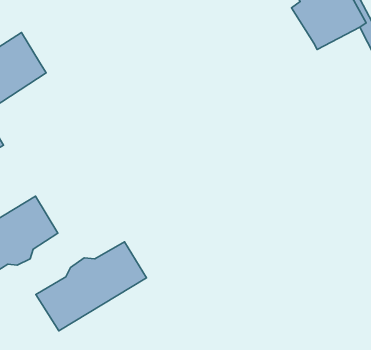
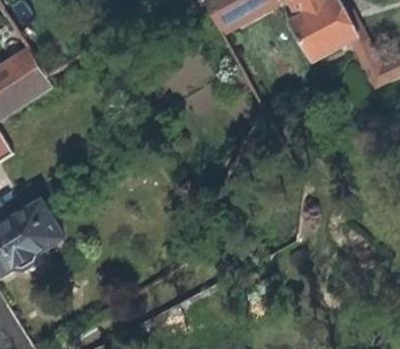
building: [36,242,146,331] -> none

